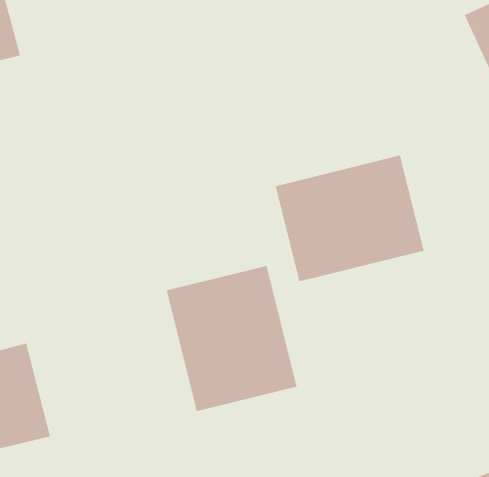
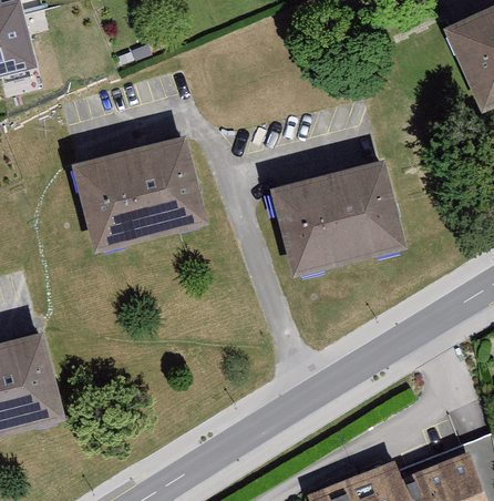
building: none -> [72,135,206,251]
building: [166,265,297,412] -> none

